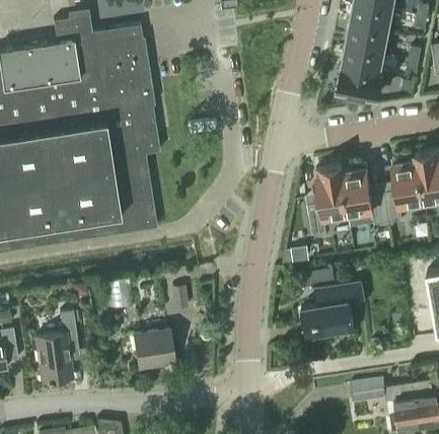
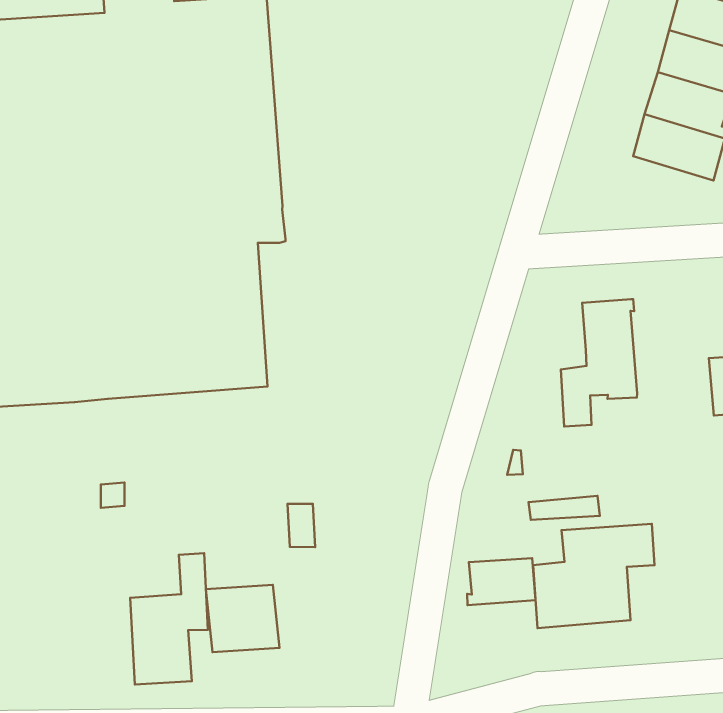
building: [341,164,388,224] -> none
building: none -> [467,558,536,605]
building: [35,309,77,380] -> [130,553,208,684]

